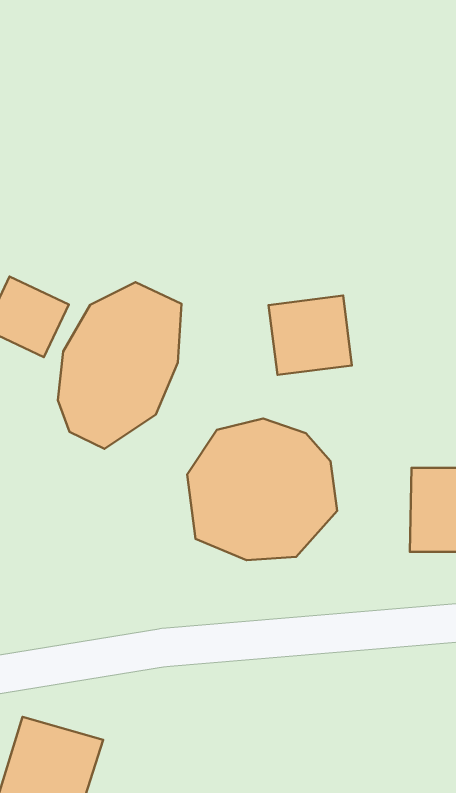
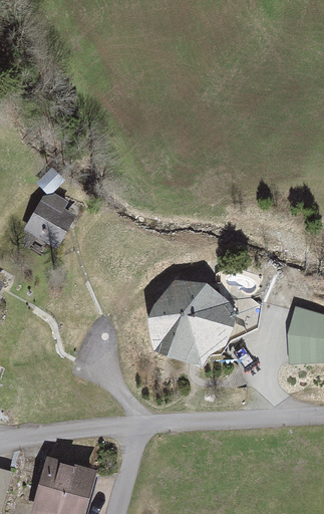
building: [58,282,182,449] -> none
building: [269,295,352,375] -> none

